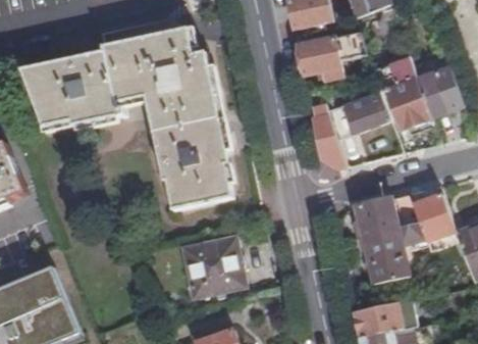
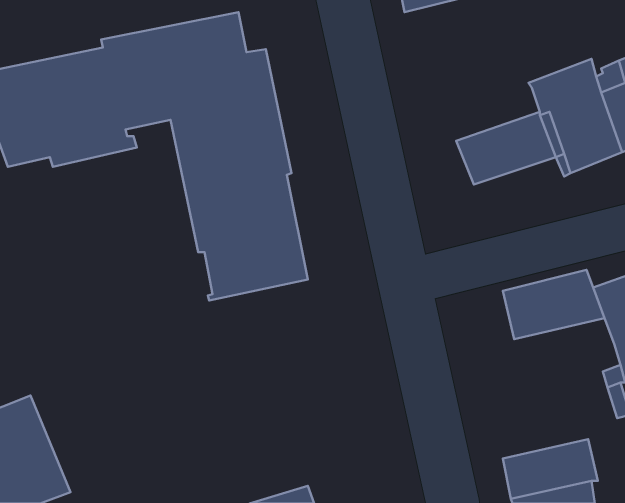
building: [298,31,365,80] -> none
building: [311,105,348,168] -> none
building: [363,223,426,283] -> none
building: [182,236,247,298] -> none

